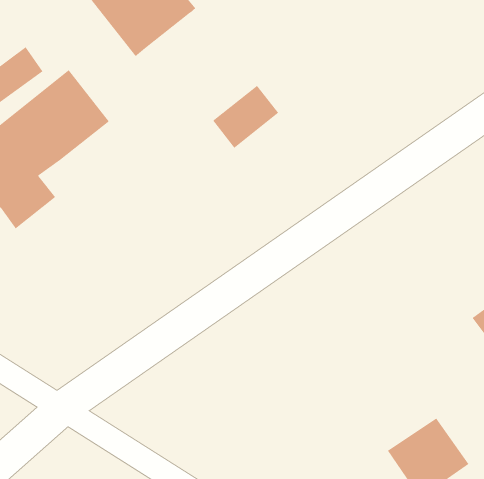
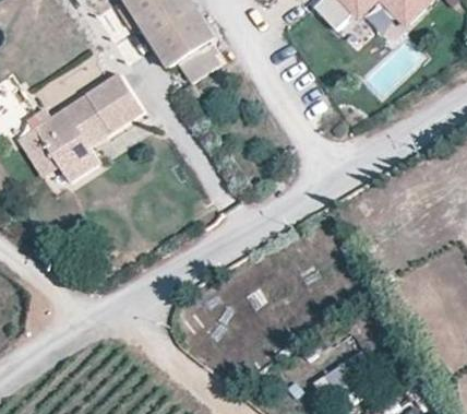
building: [212,85,279,149] -> [175,38,224,83]

